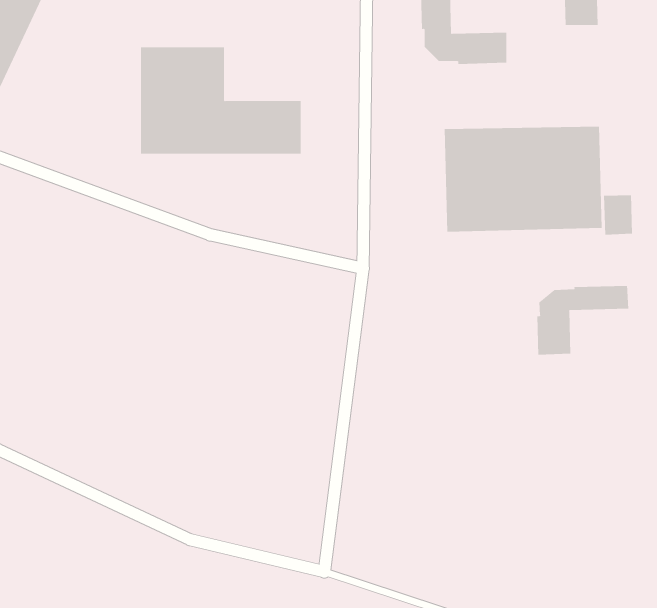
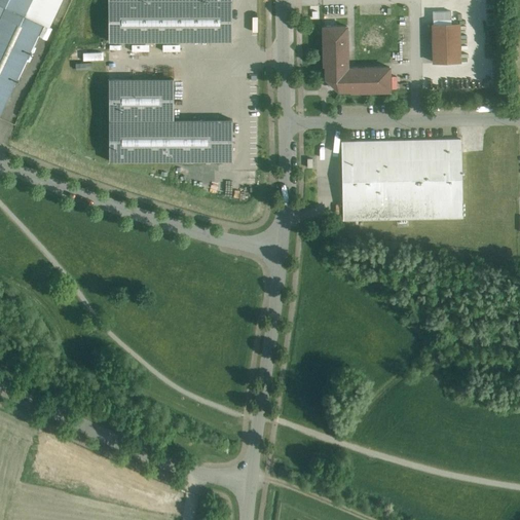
building: [604,195,633,236] -> none
building: [537,285,629,356] -> none

